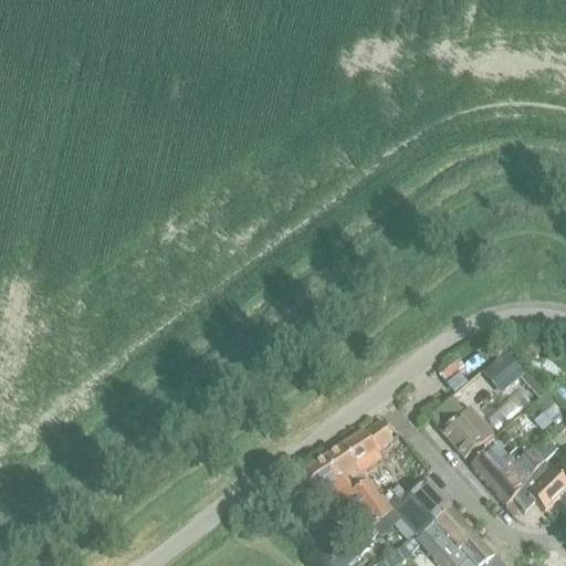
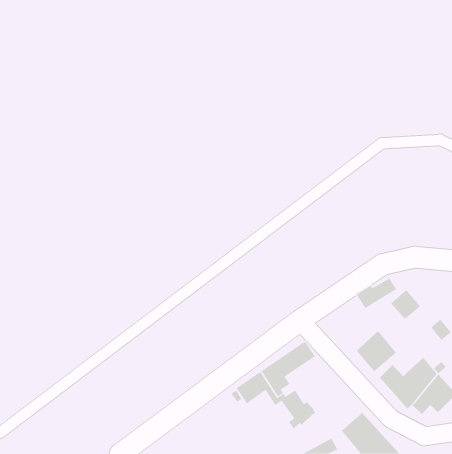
building: [378,480,453,537] -> none

